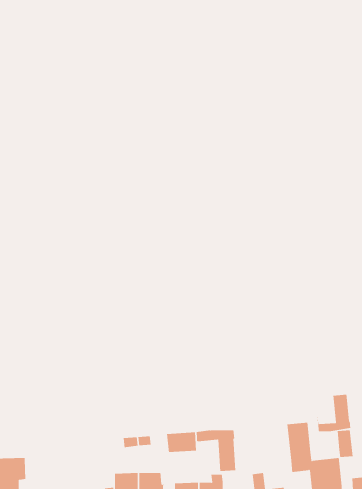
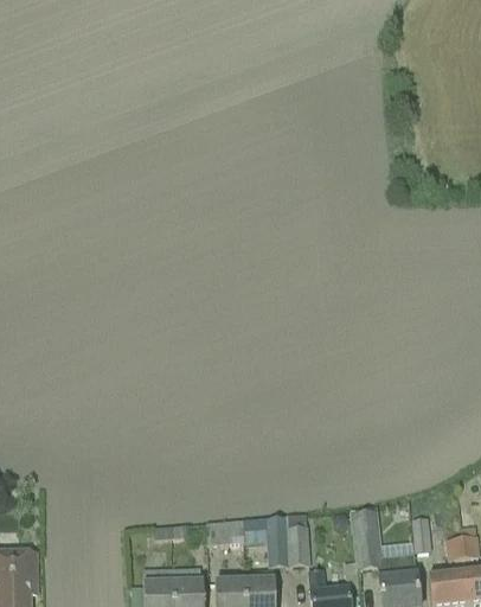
building: [317,394,351,432] -> none
building: none -> [288,529,309,568]

